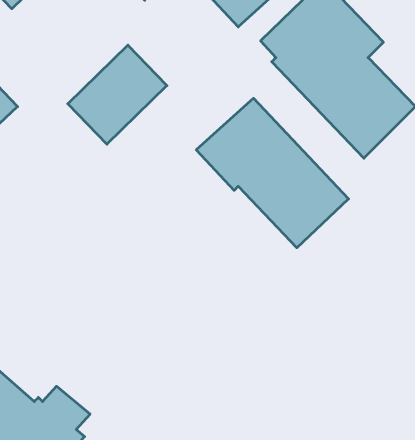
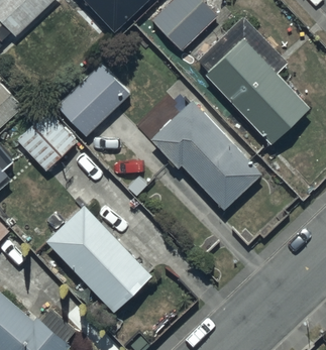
building: none -> [17,111,77,168]
building: none -> [46,205,153,313]

